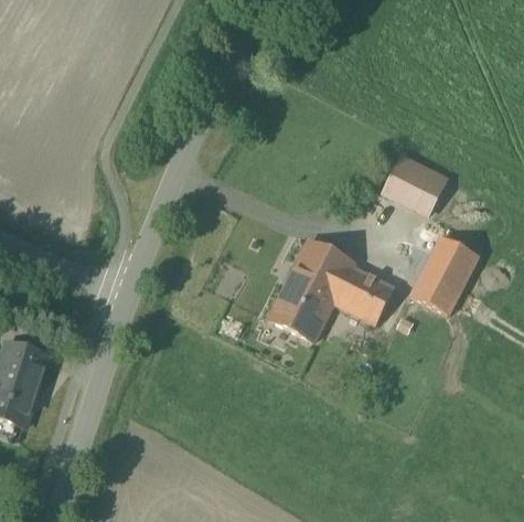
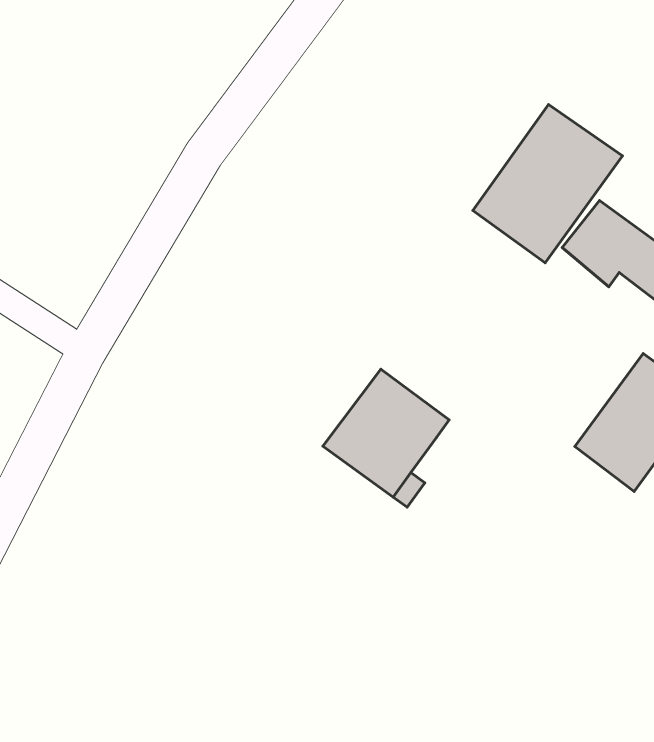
building: none -> [473,105,623,263]
building: [295,241,395,323] -> none

